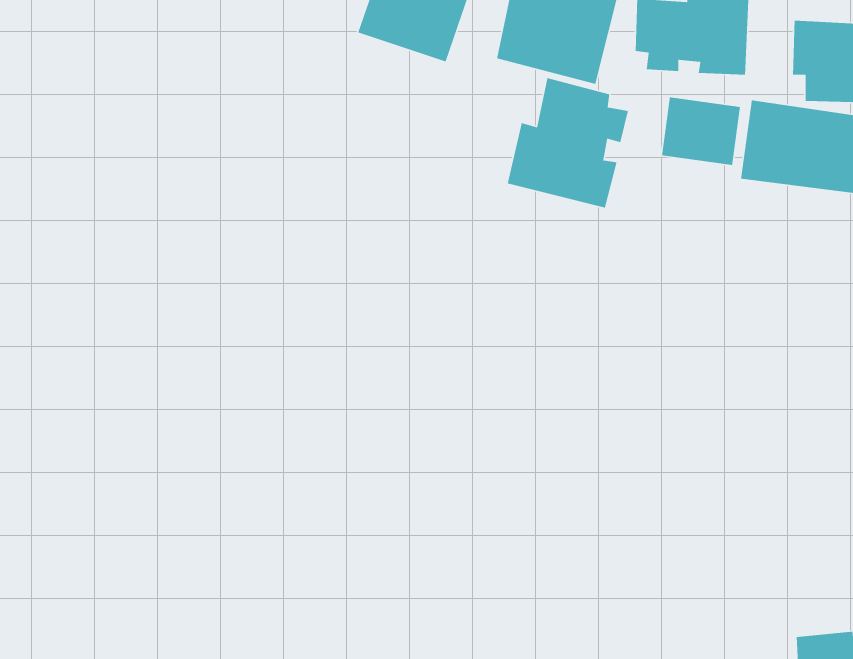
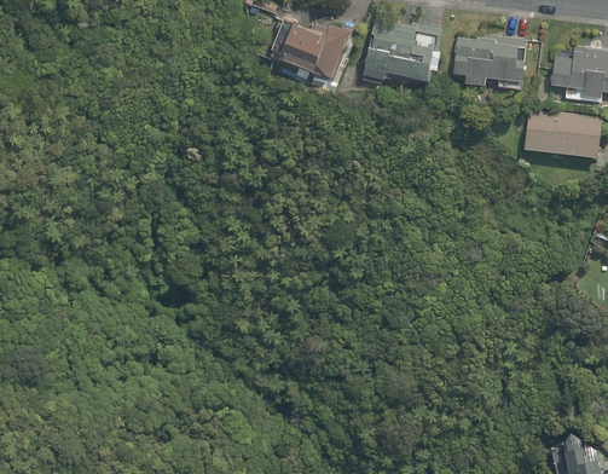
building: [507,77,629,209] -> none
building: [661,96,741,166] -> none

